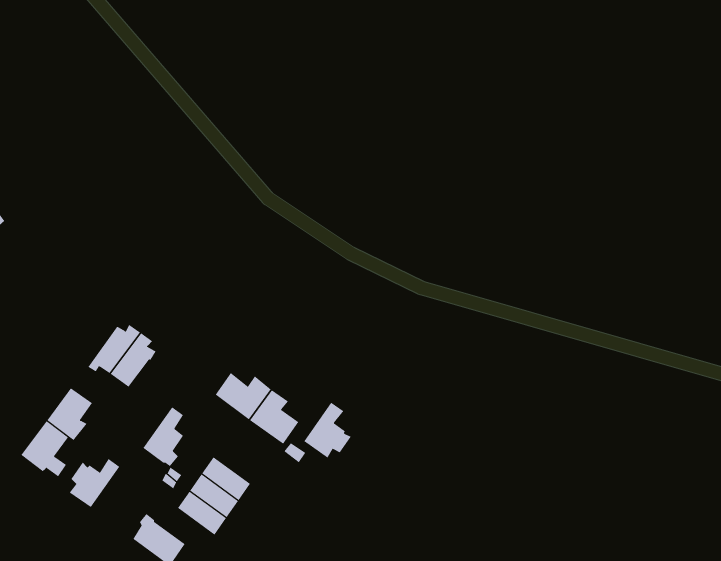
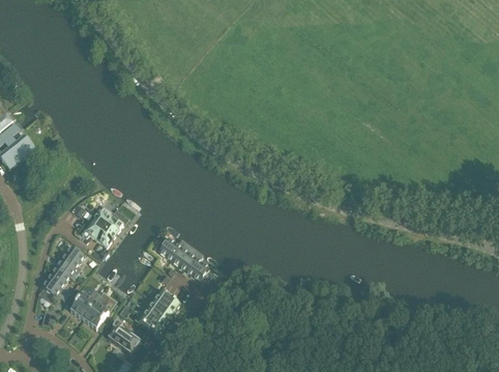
building: [303,402,352,459] -> none
building: [143,407,184,467] -> [83,293,108,330]

